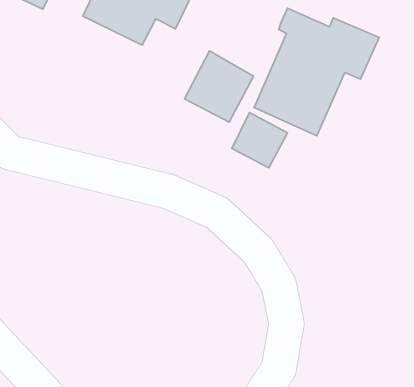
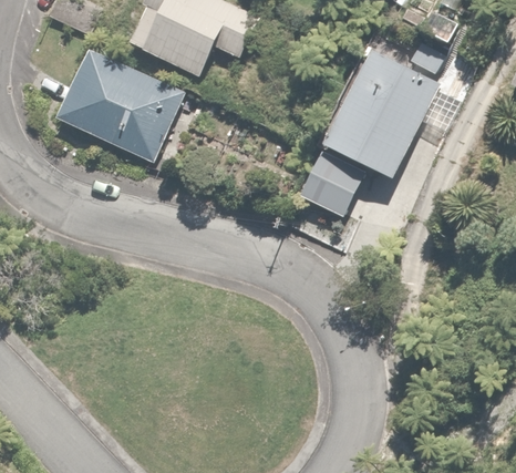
building: none -> [56,47,184,163]
building: [185,51,253,122] -> none

